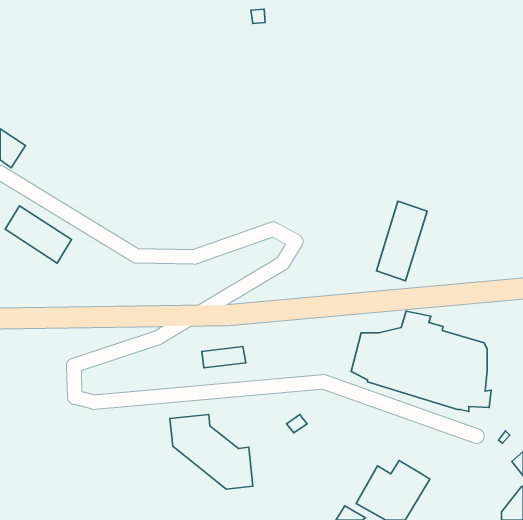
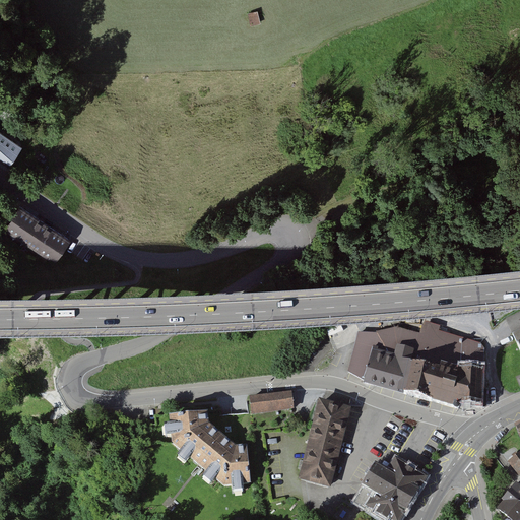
building: [376,201,427,281] -> none
building: [202,346,246,368] -> [250,390,294,411]
building: none -> [300,399,351,485]

